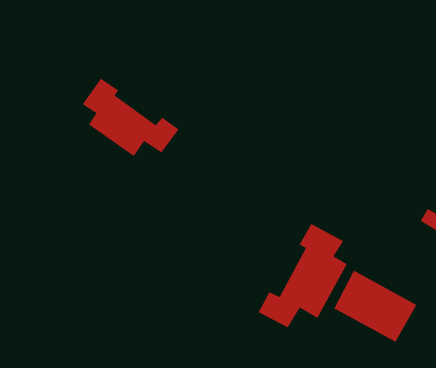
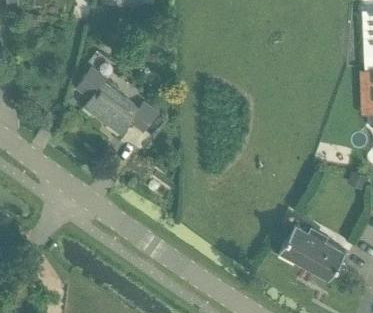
building: [258,223,348,328] -> none

